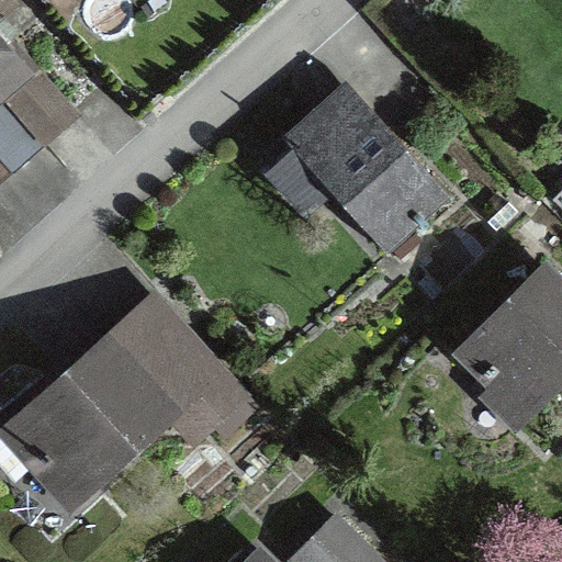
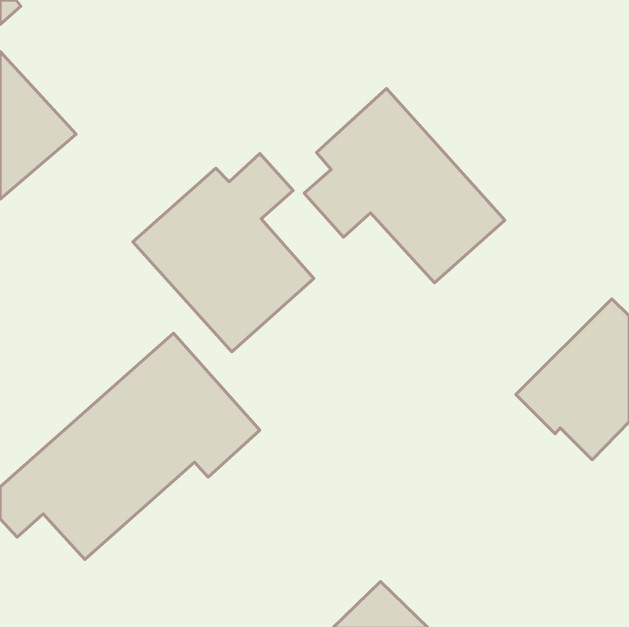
building: none -> [133,154,314,352]

